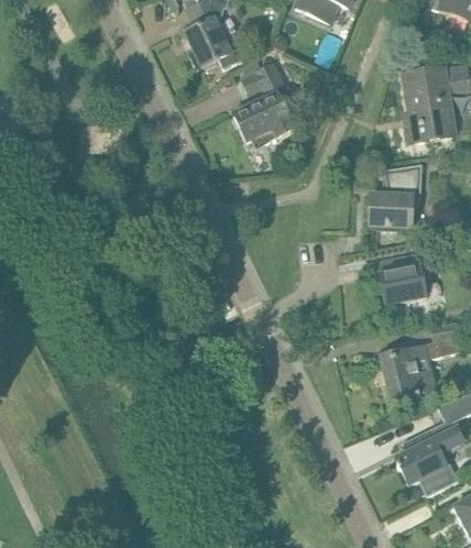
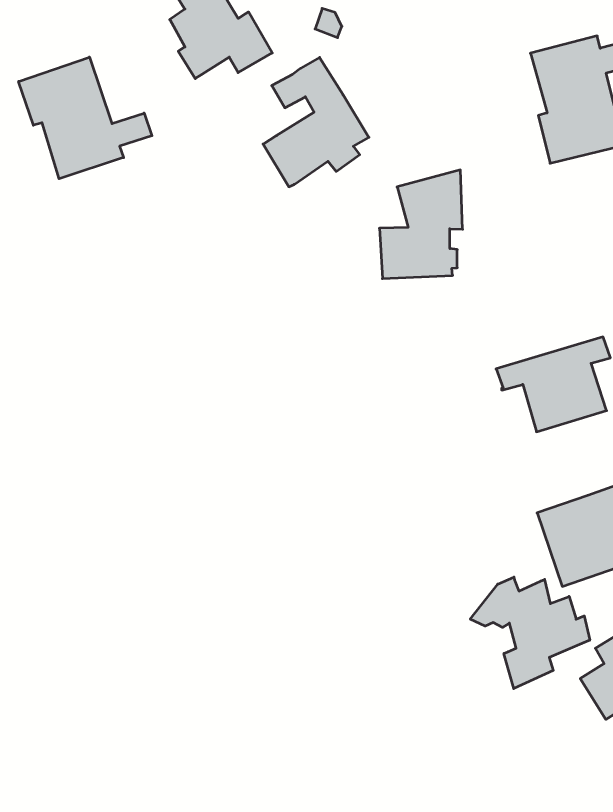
building: none -> [19,57,152,179]
building: [369,166,423,230] -> [379,170,463,279]
building: none -> [470,577,590,689]

